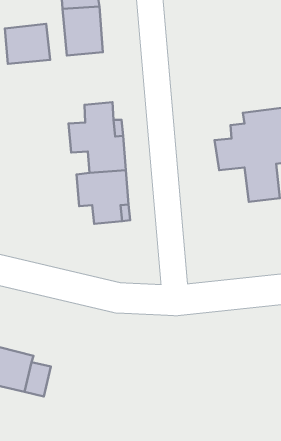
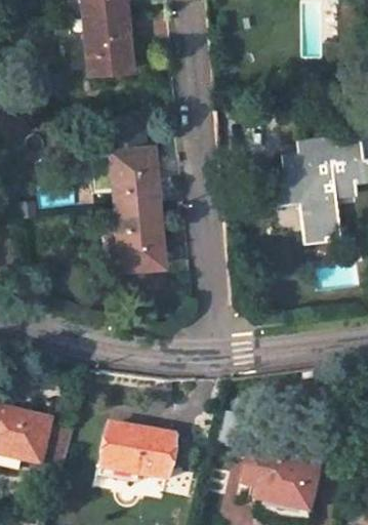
building: [5,24,50,64] -> none
building: none -> [104,427,176,484]
building: none -> [242,455,318,514]

